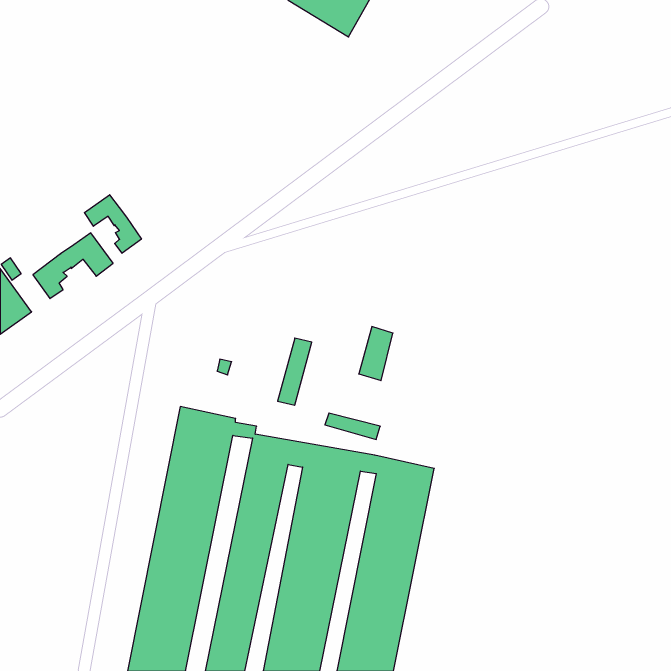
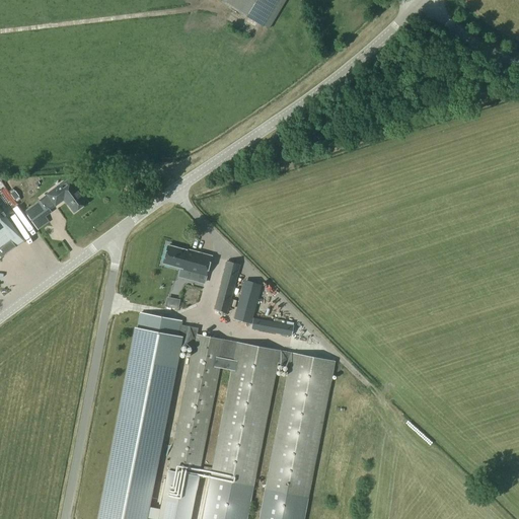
building: [84,195,141,253] -> none
building: none -> [164,246,212,276]
building: [359,327,393,381] -> [235,282,262,323]

